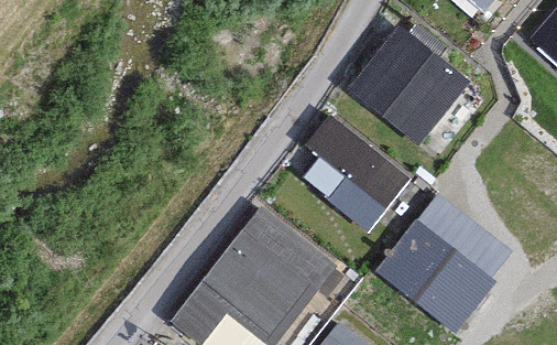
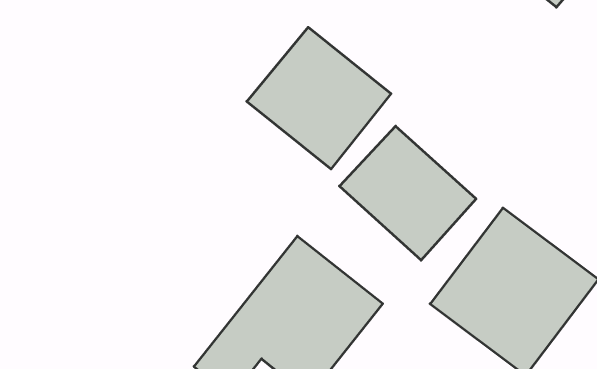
building: [347,28,471,150] -> [247,27,391,169]

